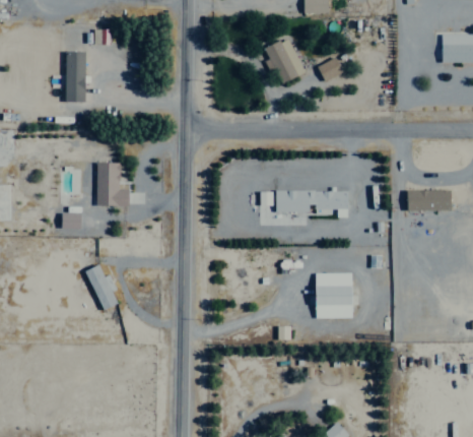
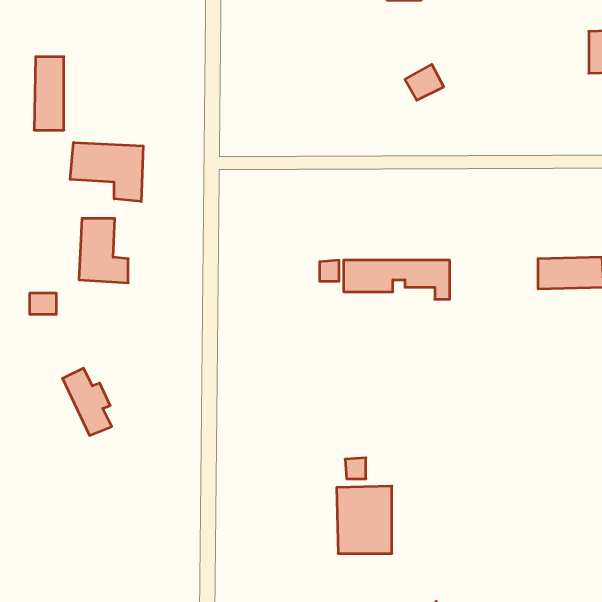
building: [263,38,306,85] -> none
building: none -> [70,142,143,202]
building: [316,271,353,317] -> [337,486,392,553]

